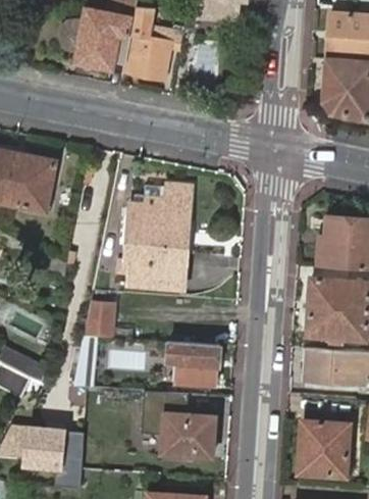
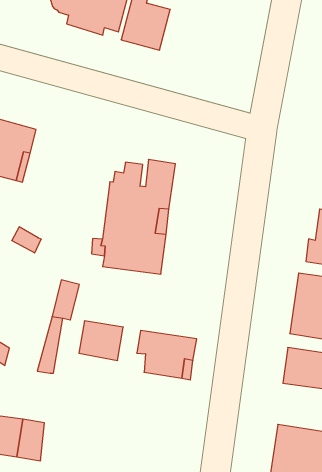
building: [160,414,214,459] -> none

